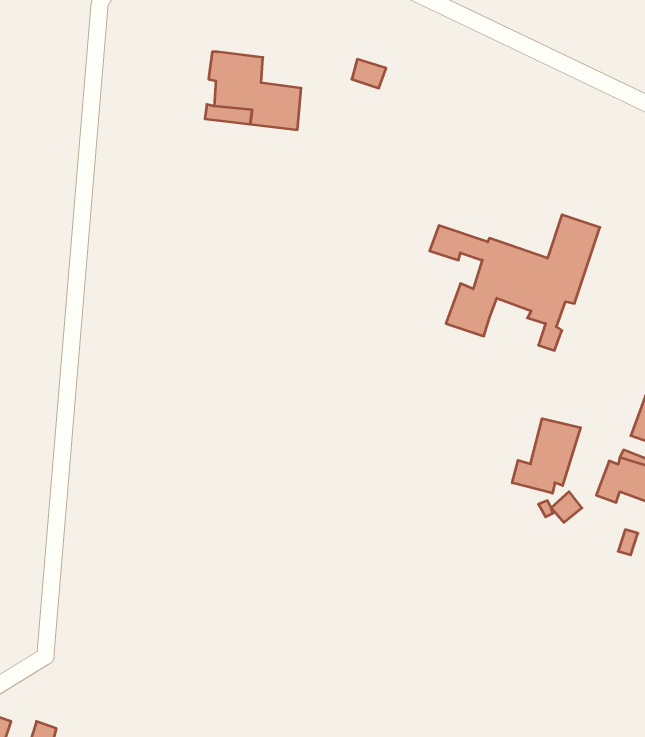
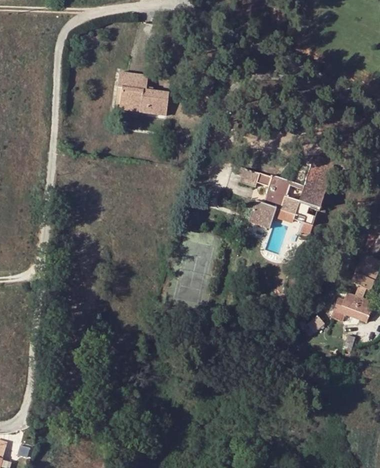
building: [512,419,581,493] -> none

